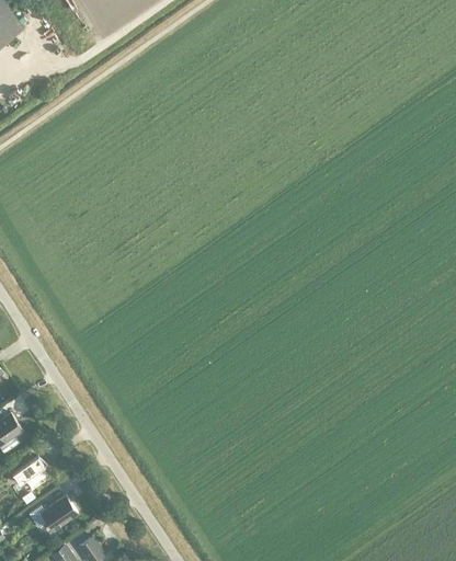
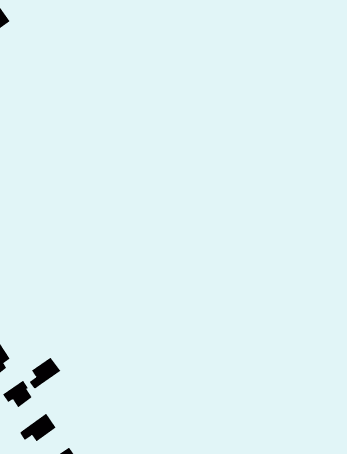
building: none -> [30,357,61,389]

